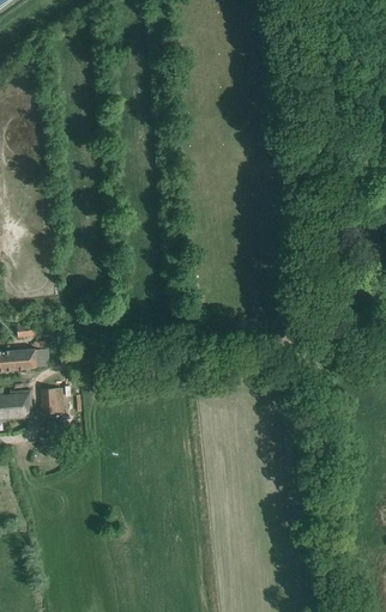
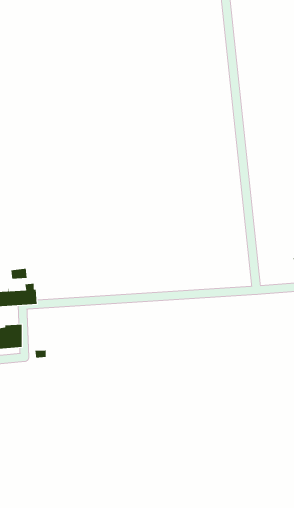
building: [41,388,65,413] -> none

